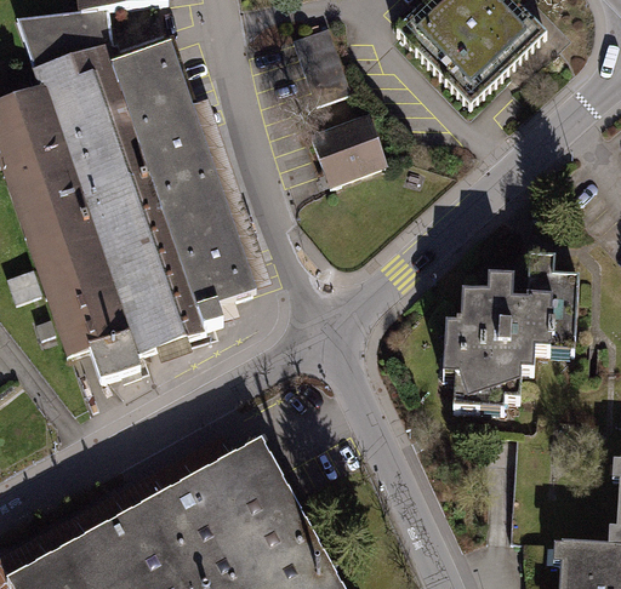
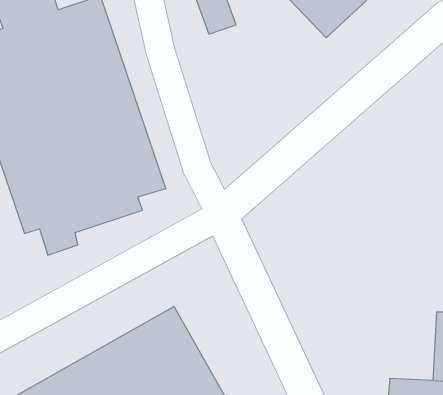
building: [309,116,384,187] -> none
building: [434,259,571,395] -> none

